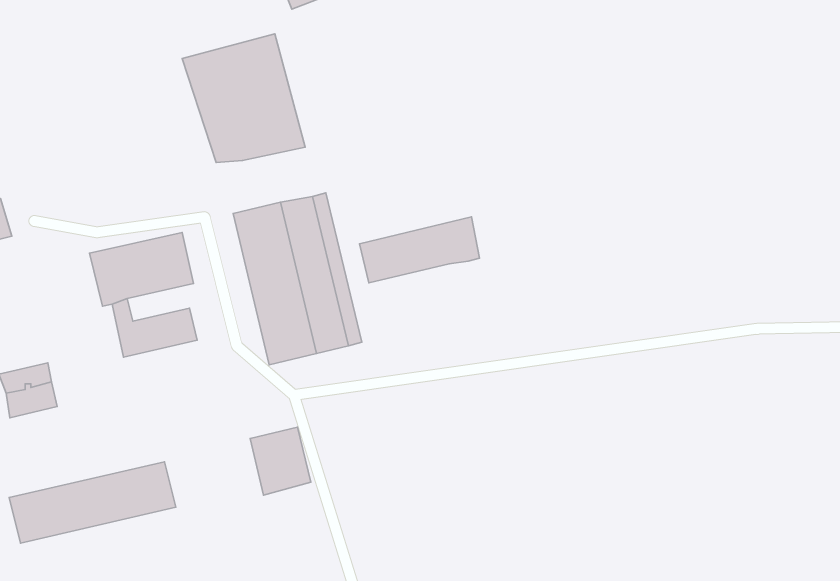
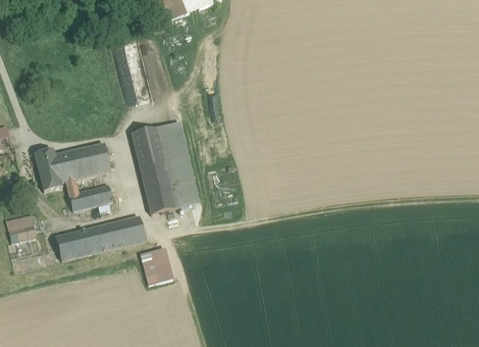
building: [359,217,480,283] -> none
building: none -> [33,148,61,191]
building: [9,462,176,543] -> [54,216,144,260]

